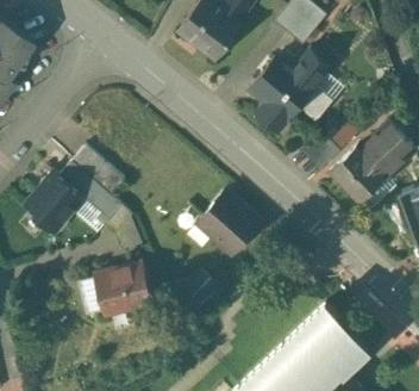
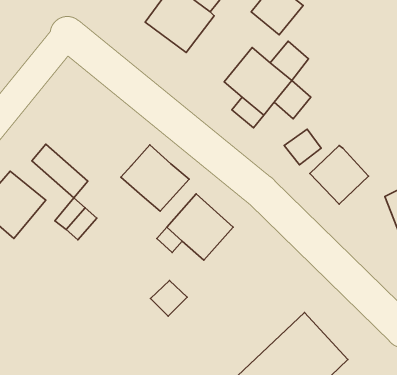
building: [363,123,404,175] -> none
building: none -> [121,145,189,211]
building: [96,262,152,315] -> none

